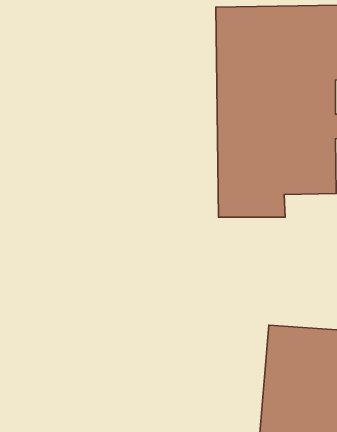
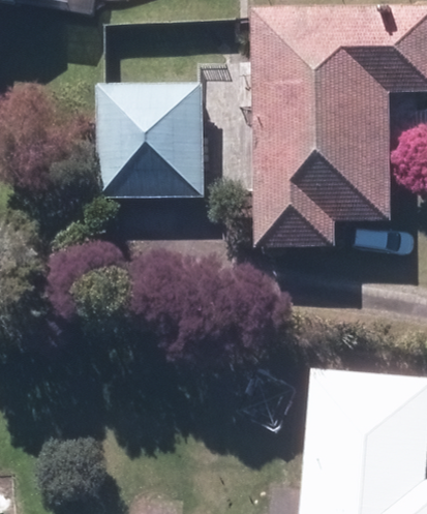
building: none -> [97,86,202,198]

